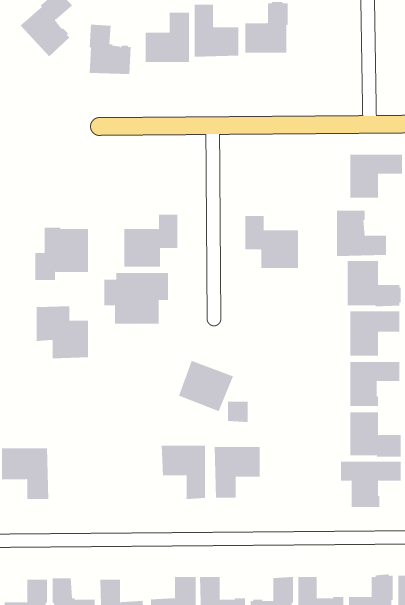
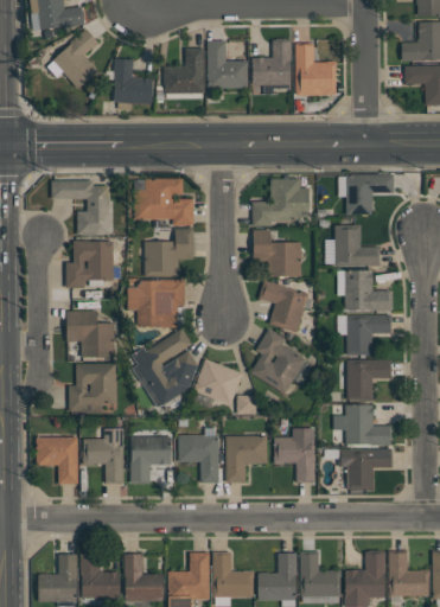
building: none -> [295,44,337,96]
building: none -> [136,179,193,225]
building: none -> [253,179,308,226]
building: none -> [51,181,109,235]
building: none -> [259,280,308,333]
building: none -> [133,330,198,407]
building: none -> [250,330,306,395]
building: none -> [69,364,116,411]
building: none -> [83,429,123,484]
building: none -> [274,429,315,483]
building: none -> [130,437,171,484]

